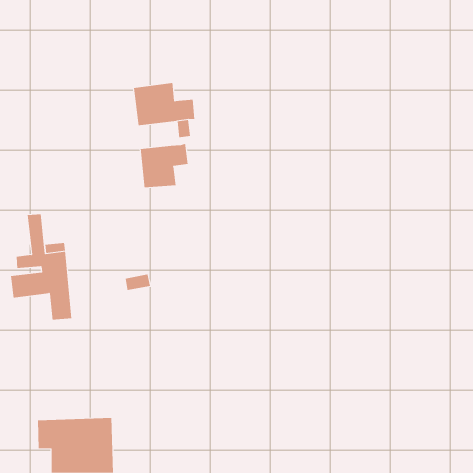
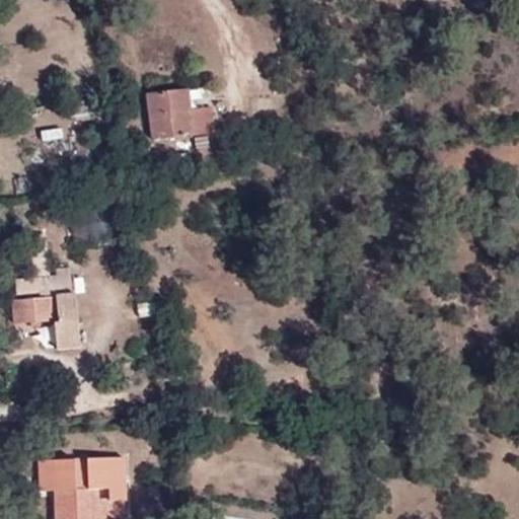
building: [140,143,188,188] -> none

